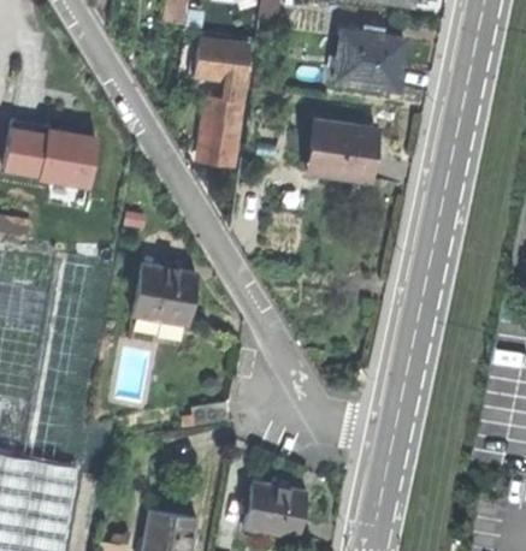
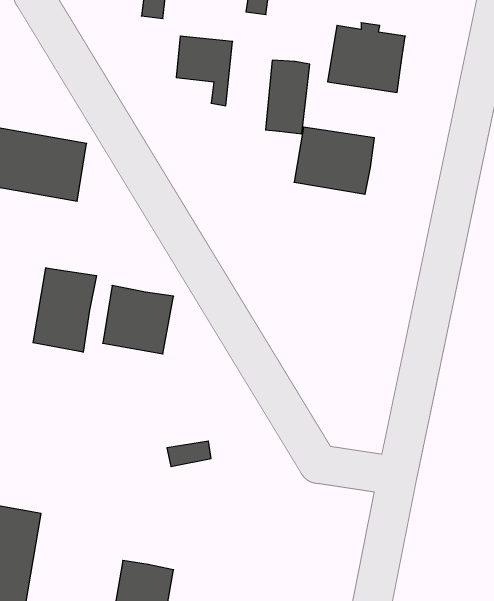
building: [201,100,241,166] -> [266,60,310,134]
building: none -> [33,268,96,352]
building: [242,482,305,539] -> none

